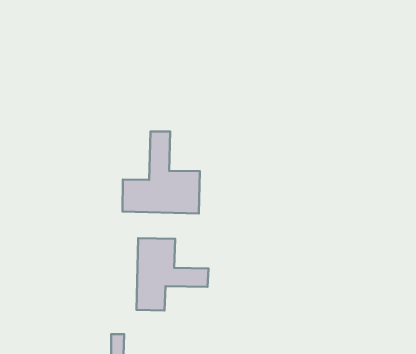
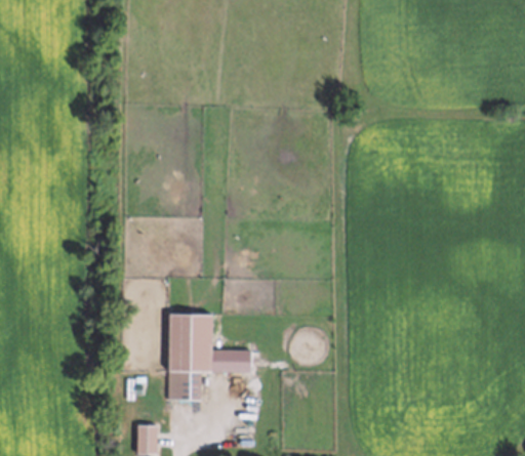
building: [122,132,200,213] -> none

